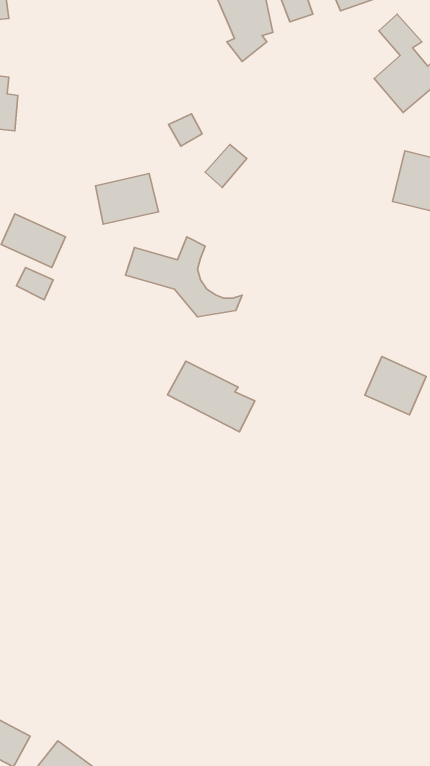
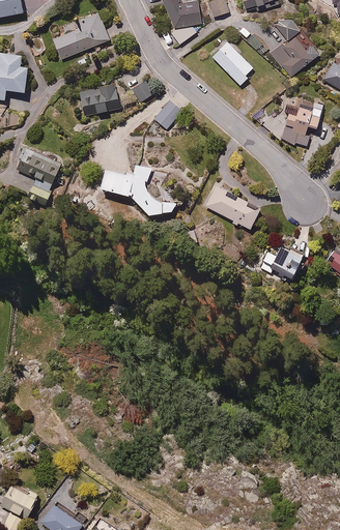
building: none -> [52,10,107,60]
building: none -> [209,39,253,86]
building: [95,174,158,224] -> [77,82,119,116]
building: [167,361,255,432] -> [202,183,261,231]

